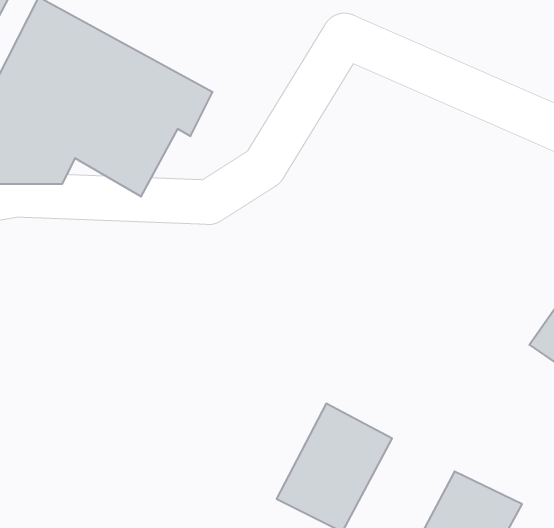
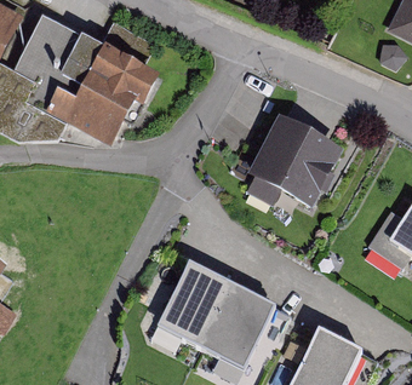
building: none -> [247,116,343,208]
building: none -> [156,262,233,346]

